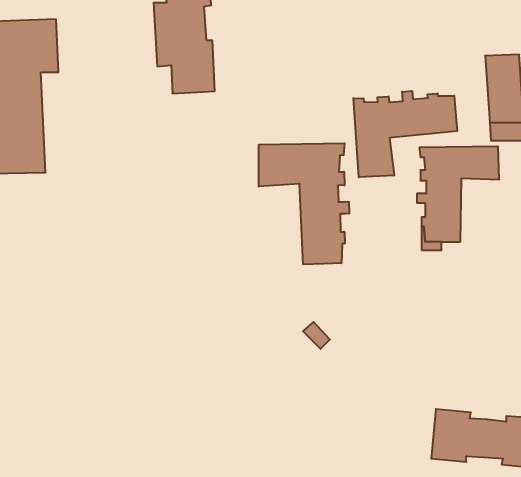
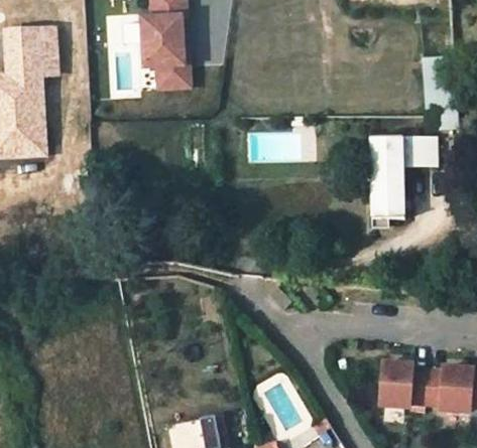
building: [353,91,457,177] -> none
building: [259,143,349,264] -> none

